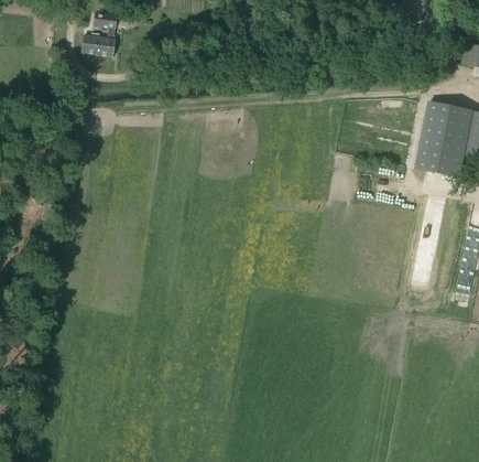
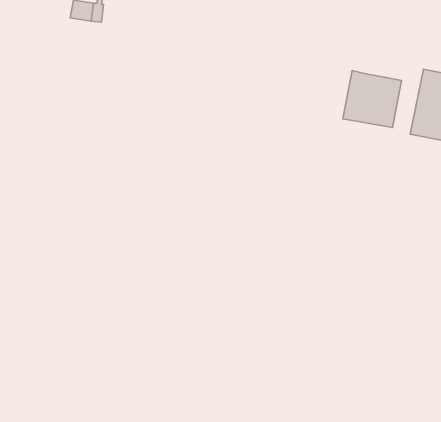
building: none -> [343,71,402,128]

